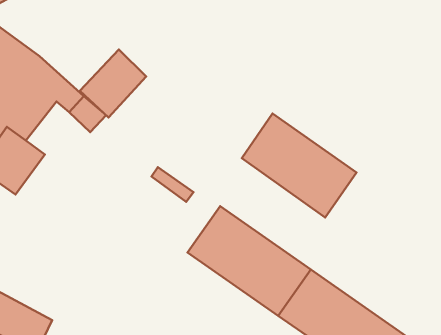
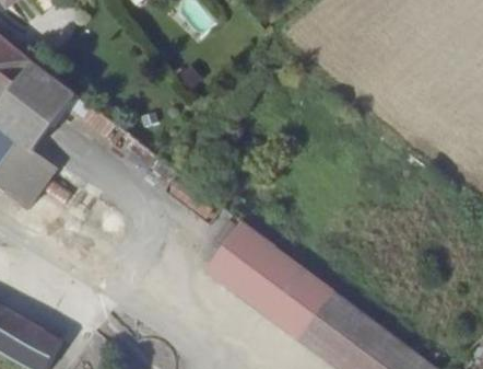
building: [80,50,146,118] -> none
building: [242,114,357,217] -> none

